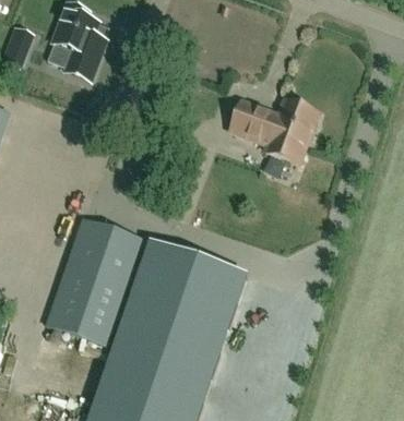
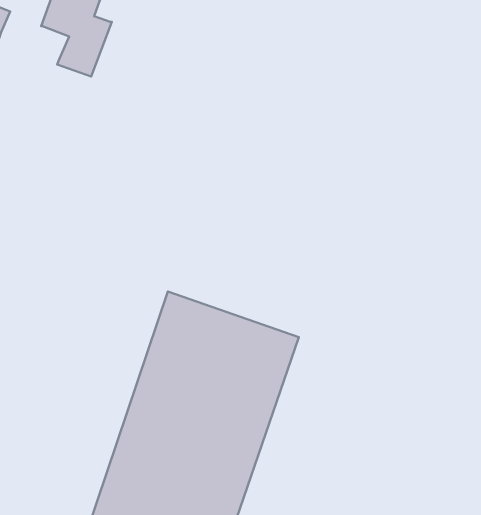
building: [230,98,318,161] -> none
building: [47,217,146,345] -> none

